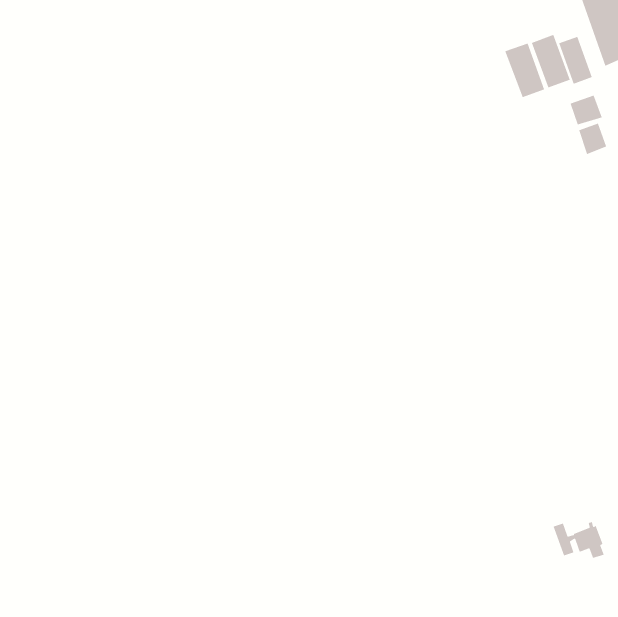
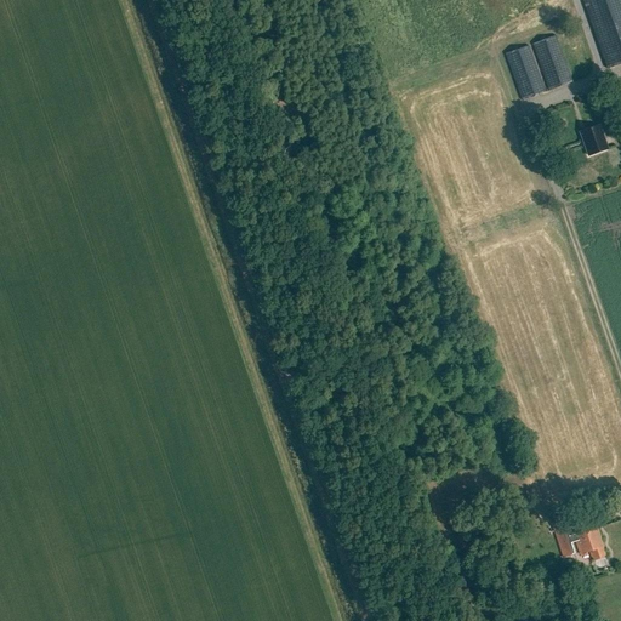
building: [558,36,593,85] -> none
building: [569,95,603,126] -> none

